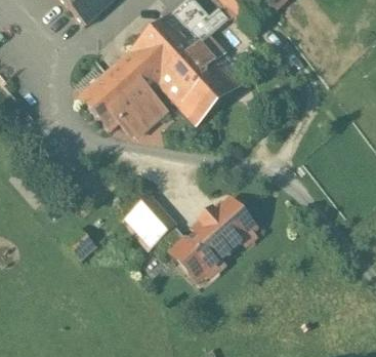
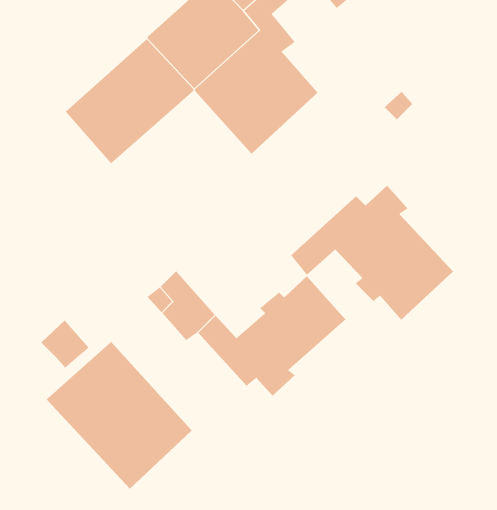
building: [118,91,165,133] -> none
building: none -> [290,185,454,320]
building: none -> [46,341,193,490]

